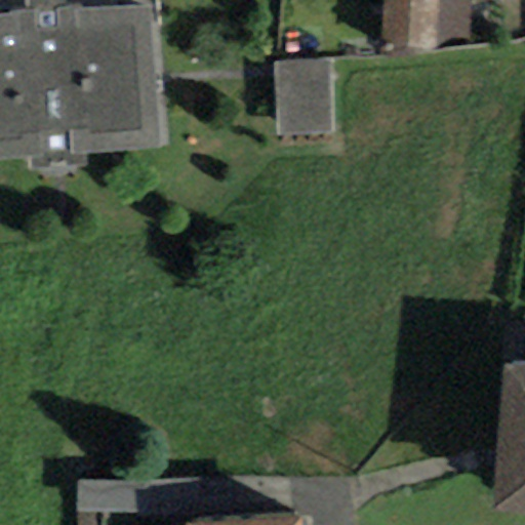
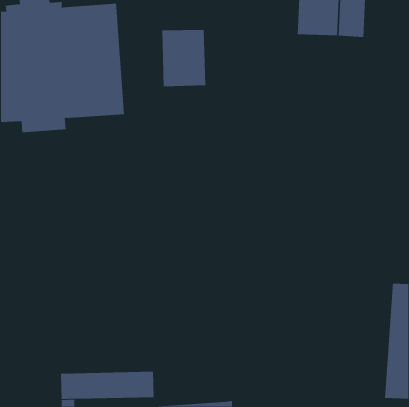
building: [274,58,331,132] -> [161,29,206,87]

